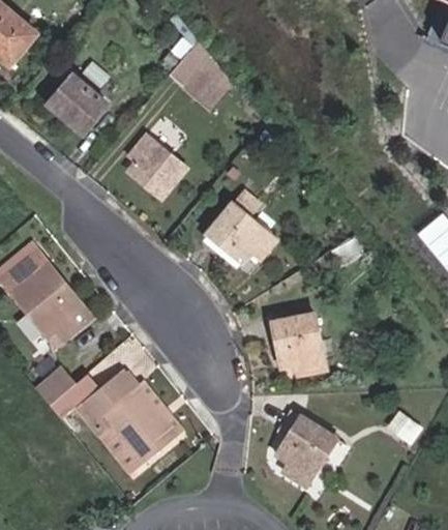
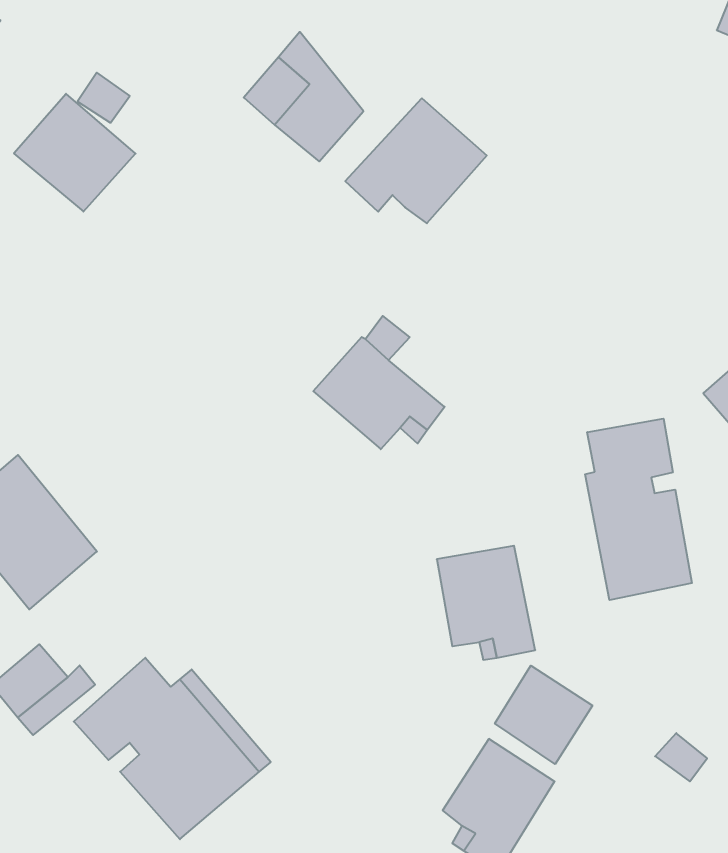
building: none -> [345,98,487,223]
building: [127,135,186,199] -> none
building: none -> [585,419,692,600]
building: none -> [495,666,592,764]

